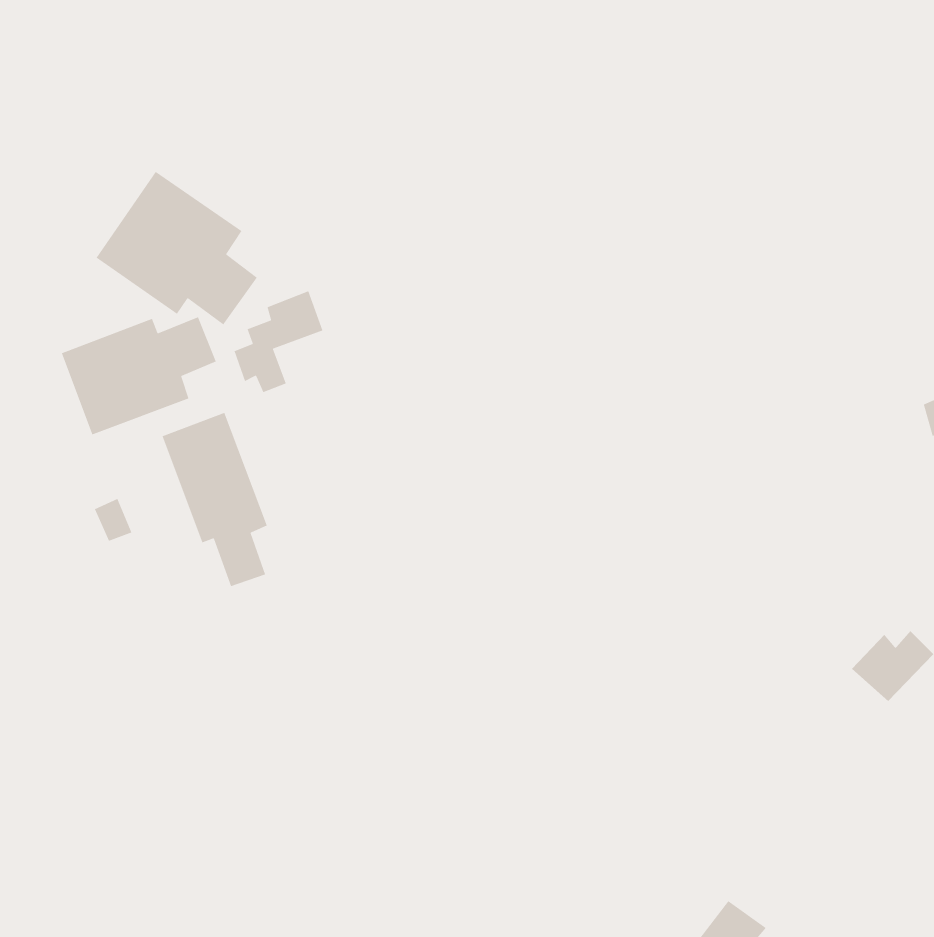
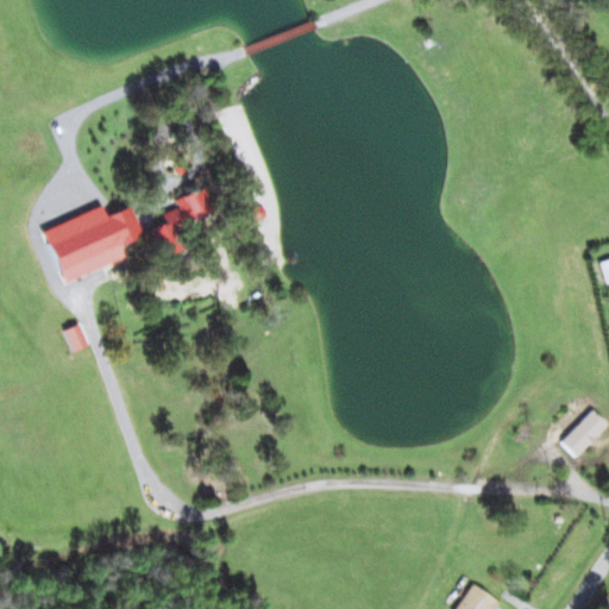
building: [95,171,258,325] -> none
building: [162,412,268,587] -> none

